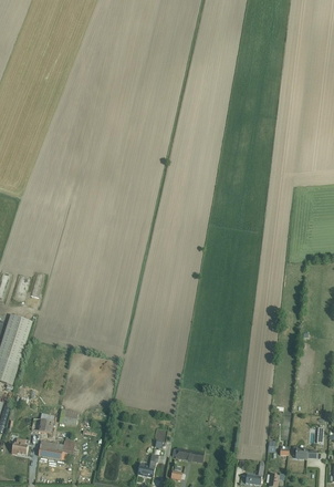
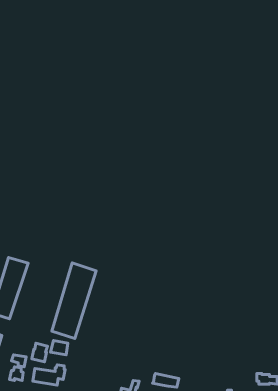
building: none -> [52,263,96,338]

